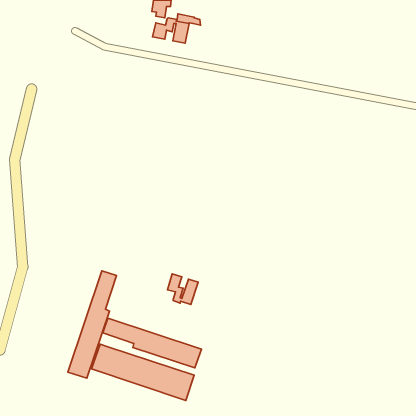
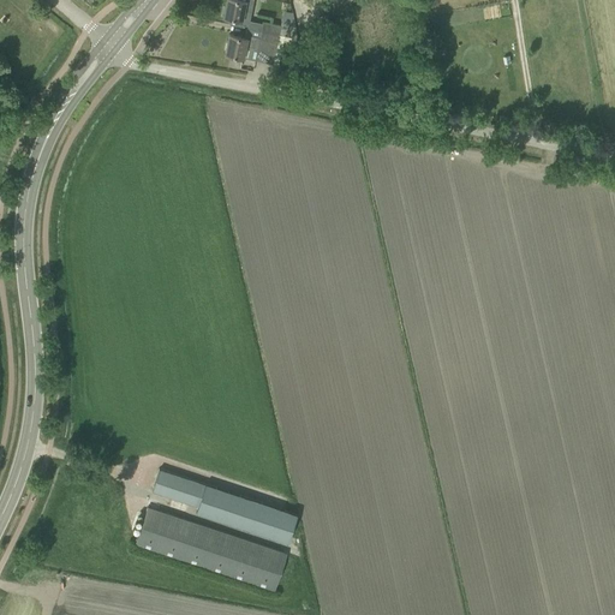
building: [68,271,117,378] -> none
building: [167,274,198,305] -> none

